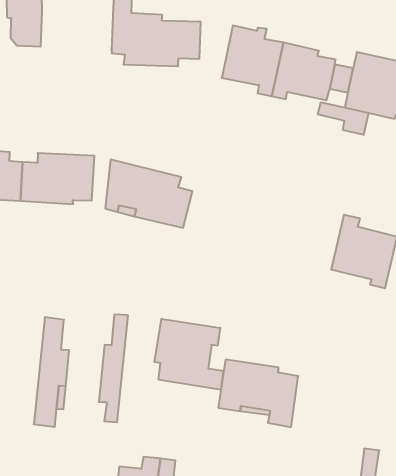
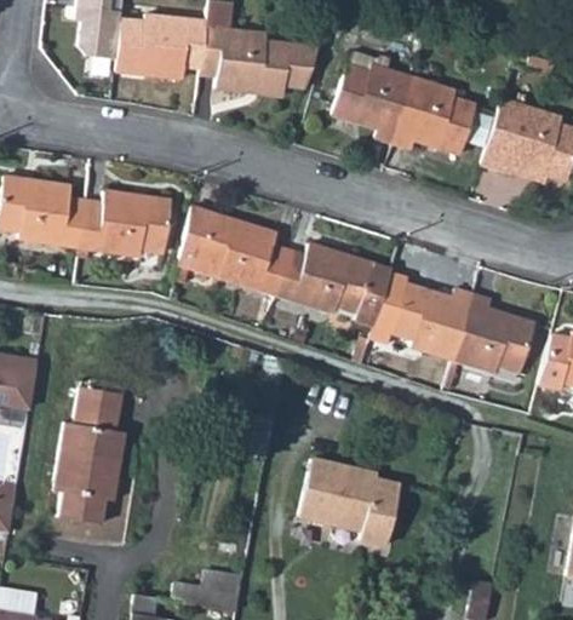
building: none -> [115,12,208,81]
building: [318,102,368,135] -> none
building: none -> [274,245,389,328]
building: none -> [391,282,471,358]
building: [99,314,128,422] -> [53,389,97,521]
building: [155,319,223,390] -> none

